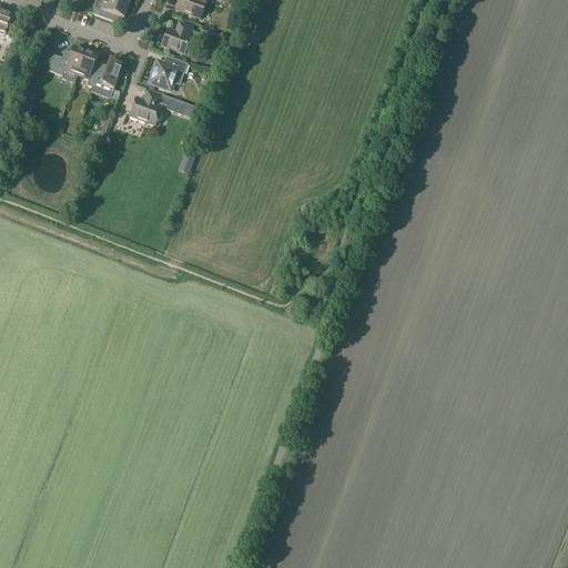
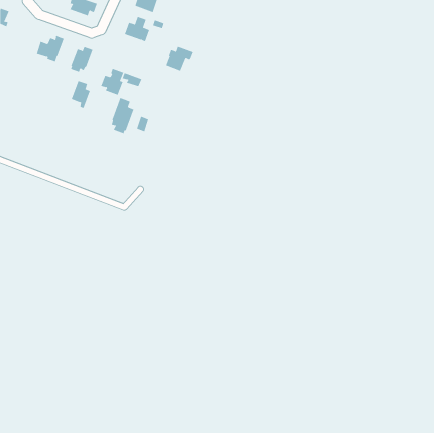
building: [75,50,101,87] -> [71,81,91,109]
building: [150,55,186,89] -> [165,46,193,71]
building: none -> [111,97,134,134]

